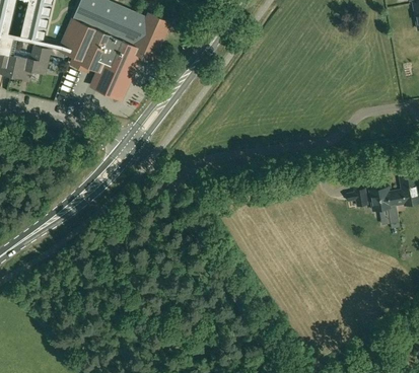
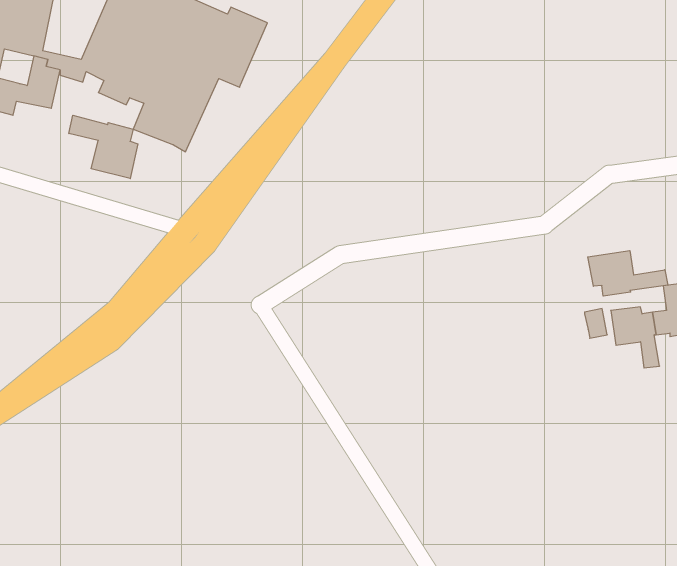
building: none -> [69,115,138,179]
building: none -> [588,251,668,296]

